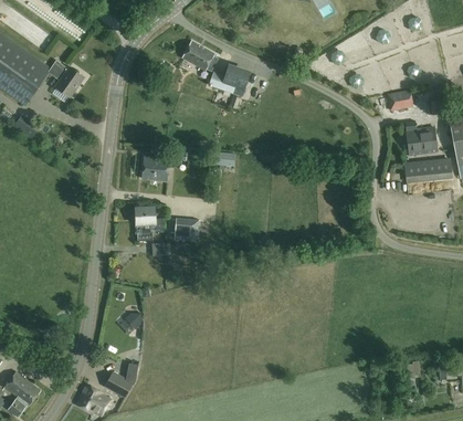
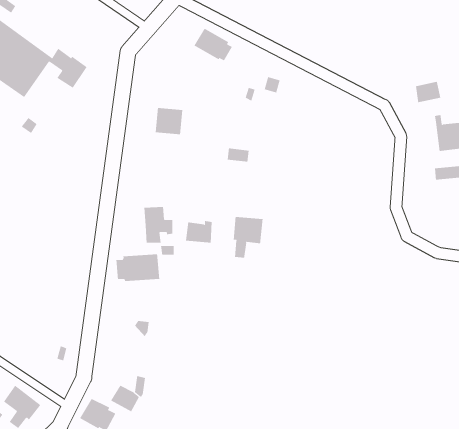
building: [209,65,251,96] -> none
building: [143,155,169,180] -> [155,108,183,135]
building: none -> [233,216,263,259]
building: none -> [116,253,160,282]

